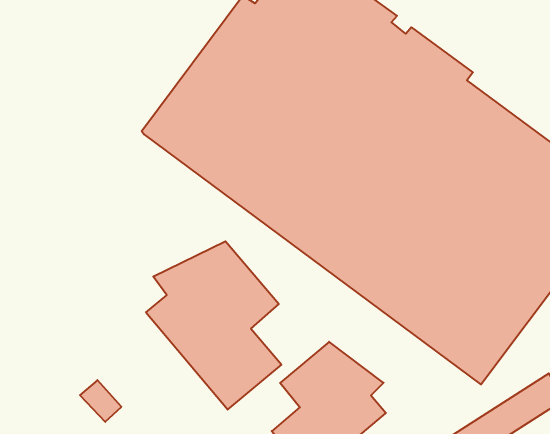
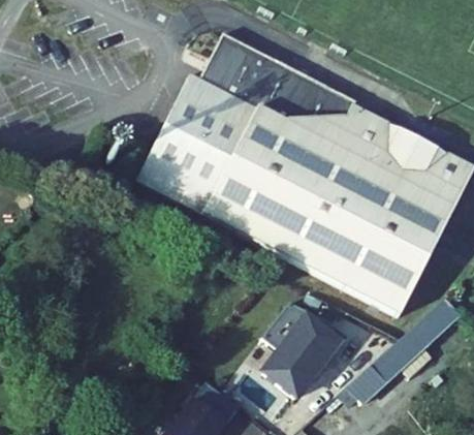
building: [146,241,281,410] -> none

